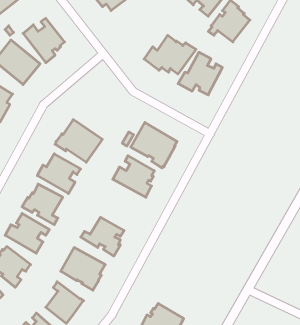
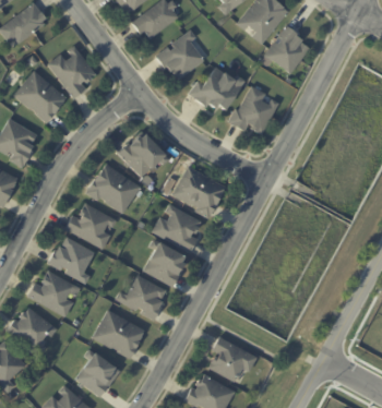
building: none -> [156,29,204,79]
building: none -> [119,134,169,183]
building: none -> [143,239,186,286]
building: none -> [210,337,259,383]

